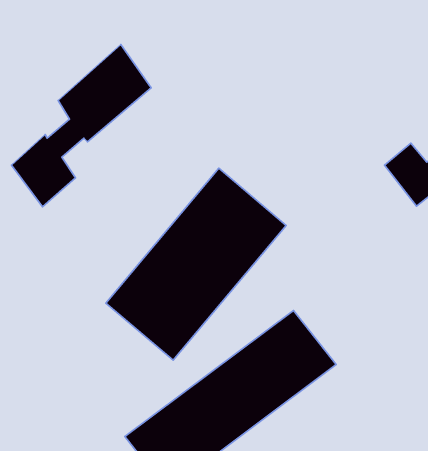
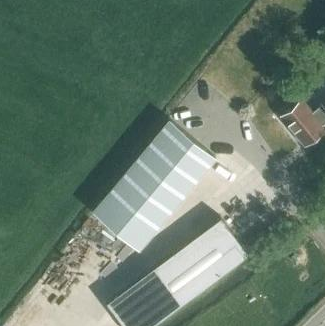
building: [12,44,151,207] -> none

